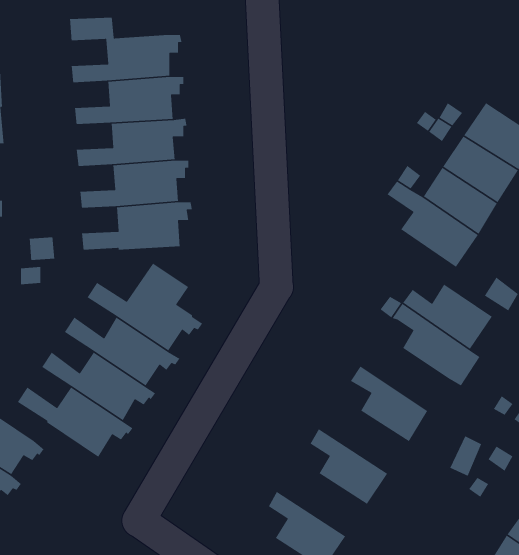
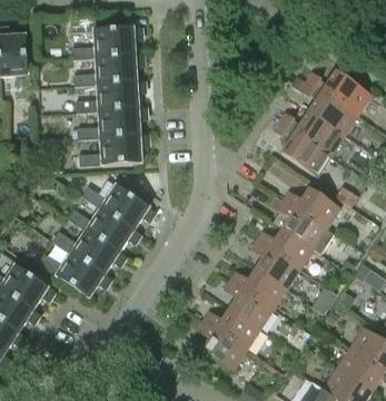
building: none -> [256,228,313,268]
building: none -> [229,268,287,309]
building: none -> [202,309,260,349]

